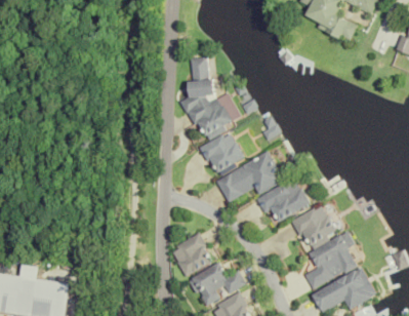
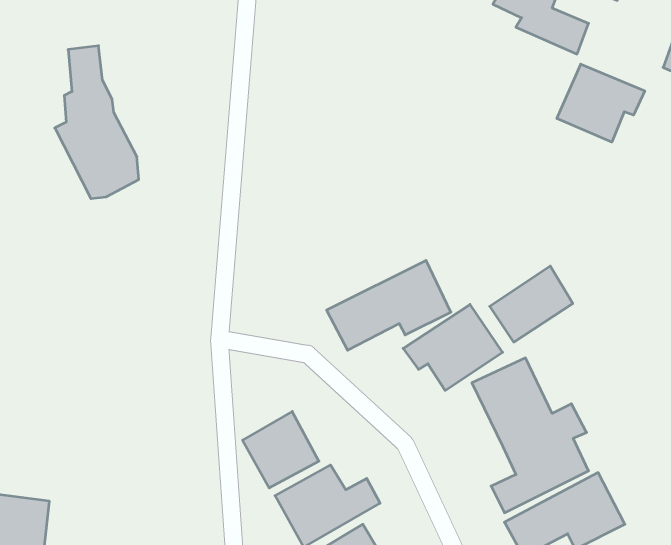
building: none -> [557,64,645,142]
building: [183,56,229,139] -> [55,46,139,199]
building: [201,132,244,174] -> none
building: none -> [490,266,573,342]

